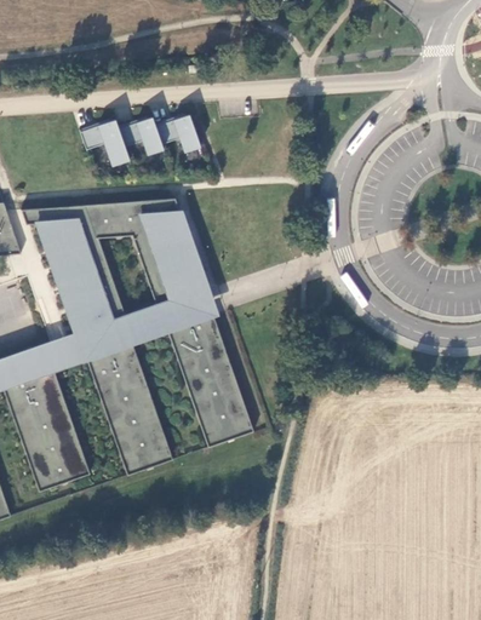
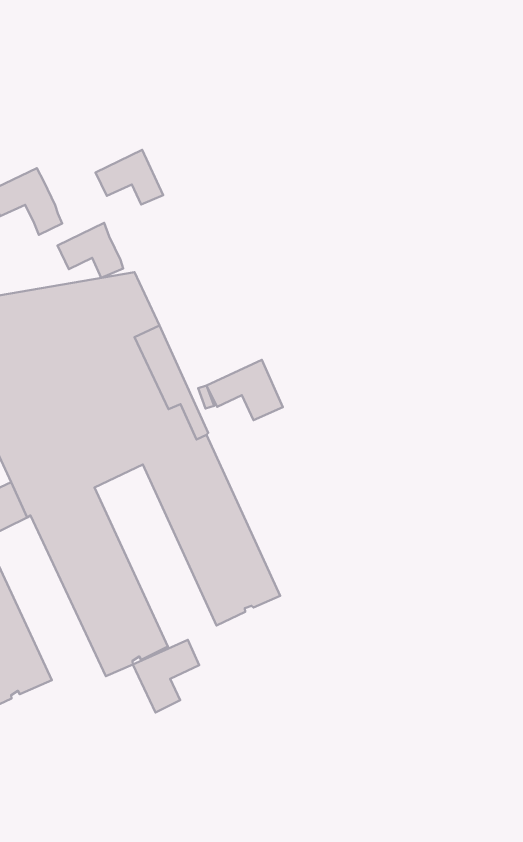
building: [121,116,165,154] -> [57,223,123,278]
building: none -> [207,360,283,420]
building: none -> [133,640,199,712]

